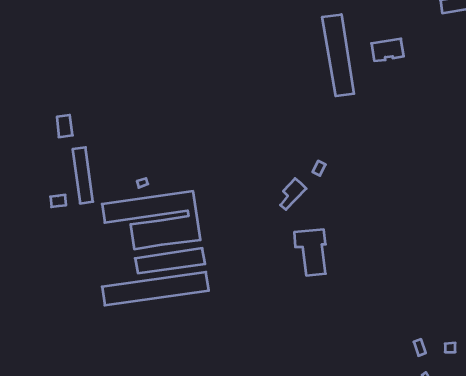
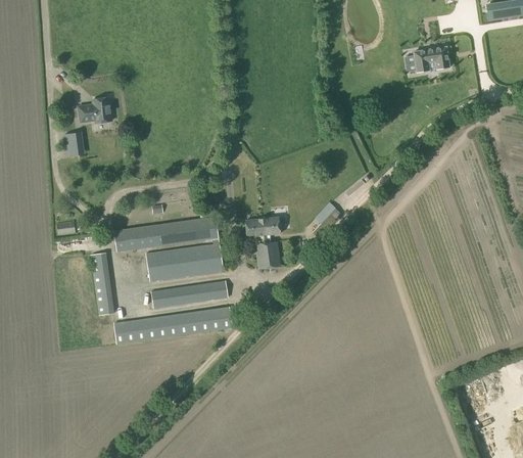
building: [322,14,354,96] -> none
building: none -> [78,97,111,123]
building: [73,147,93,203] -> [91,253,113,315]
building: [294,230,326,275] -> [245,217,280,268]

